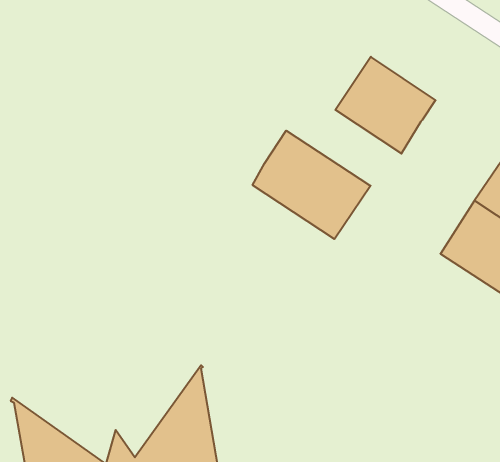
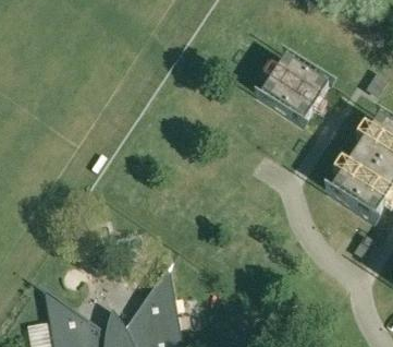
building: [253,131,371,239] -> none

